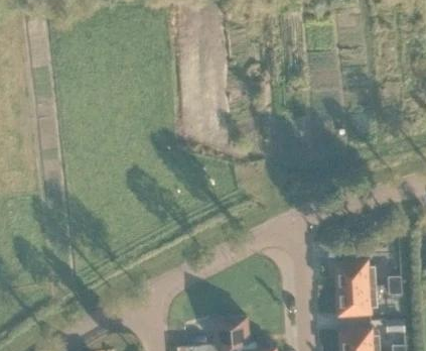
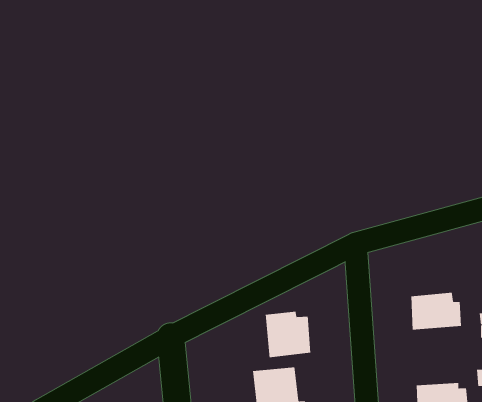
building: none -> [265,311,311,358]
building: [335,286,376,316] -> none

